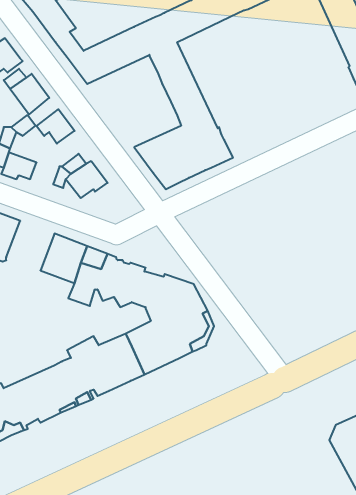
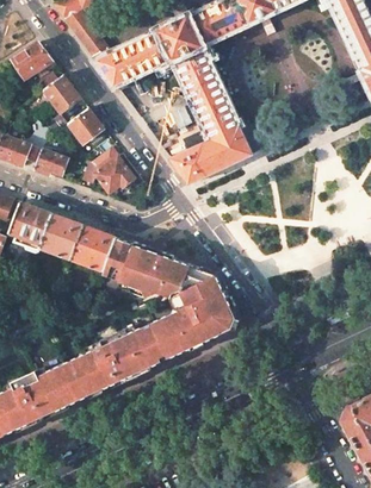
building: none -> [38,214,84,261]

